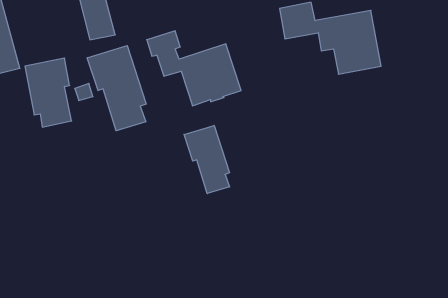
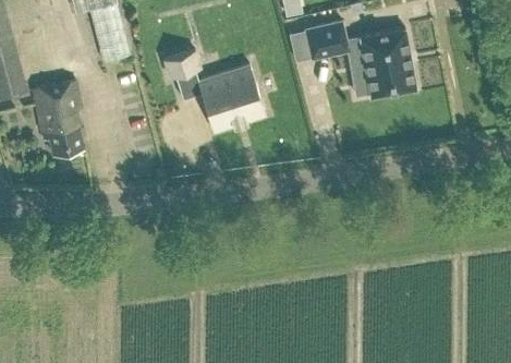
building: [87,46,146,131] -> none
building: [184,125,230,194] -> none

